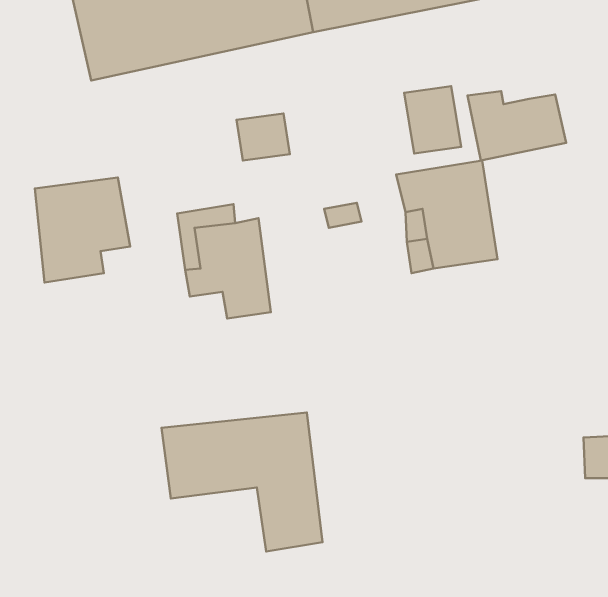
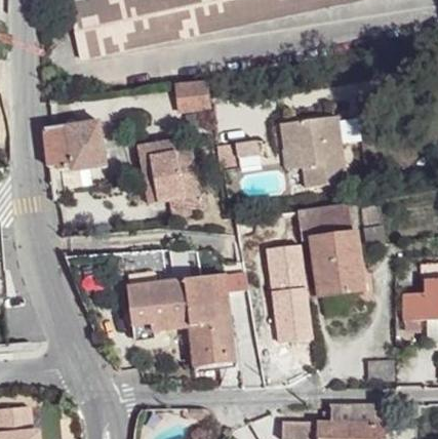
building: [404,86,461,153] -> none
building: [468,91,566,161] -> none
building: none -> [294,199,363,290]
building: none -> [264,241,312,340]

